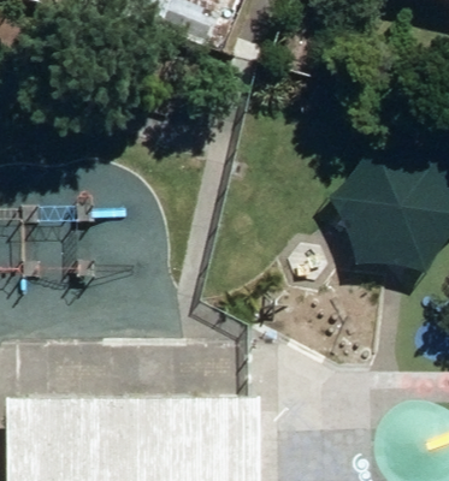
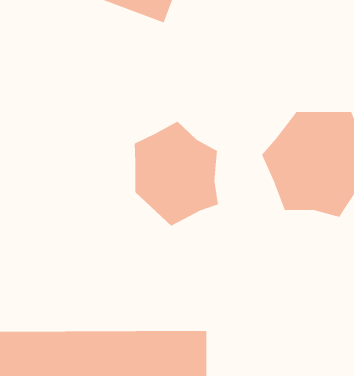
building: none -> [134,121,219,227]

